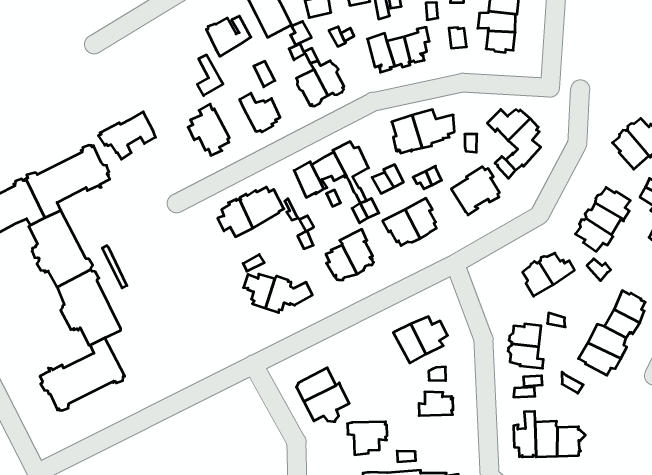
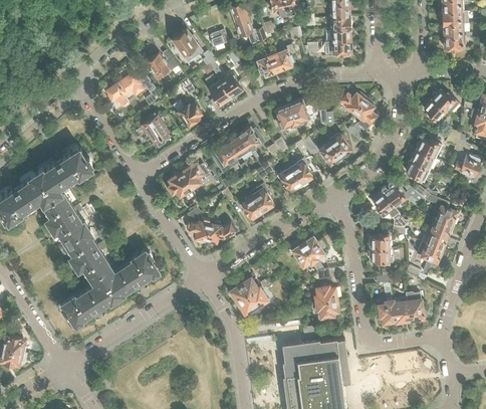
building: [98,112,156,159] -> [104,74,143,108]
building: none -> [100,250,159,298]
building: [347,422,387,455] -> [311,300,338,325]

